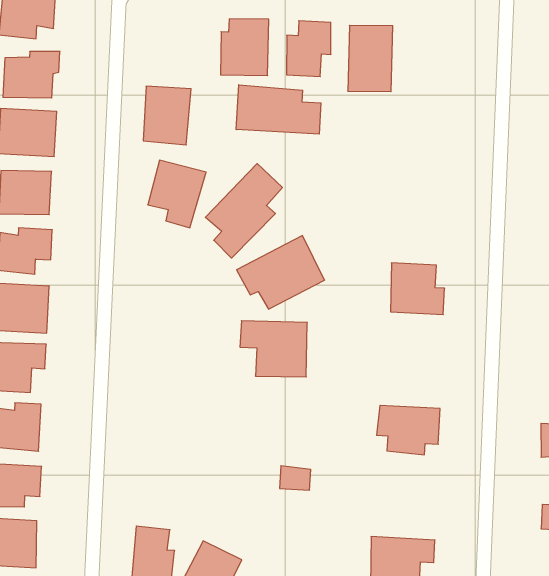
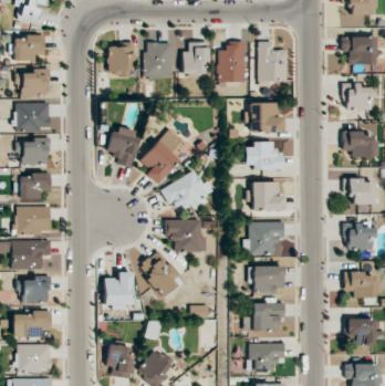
building: none -> [258,41,288,81]
building: [236,85,321,134] -> none
building: [143,86,191,145] -> [108,44,135,77]
building: none -> [248,102,283,133]
building: none -> [243,143,283,168]
building: none -> [243,221,283,254]
building: none -> [139,250,185,299]
building: none -> [104,272,134,307]
building: none -> [251,302,284,331]

